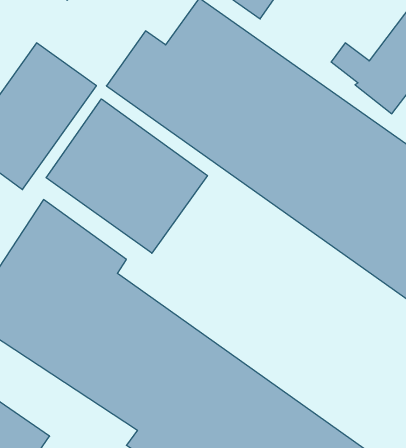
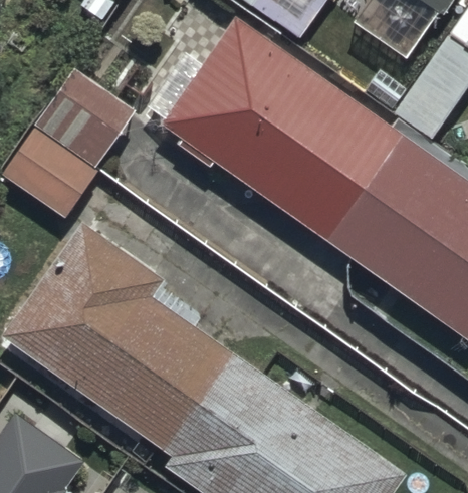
building: [46,99,207,253] -> none

